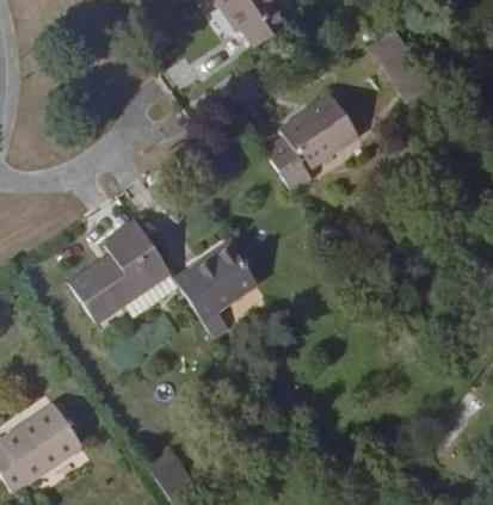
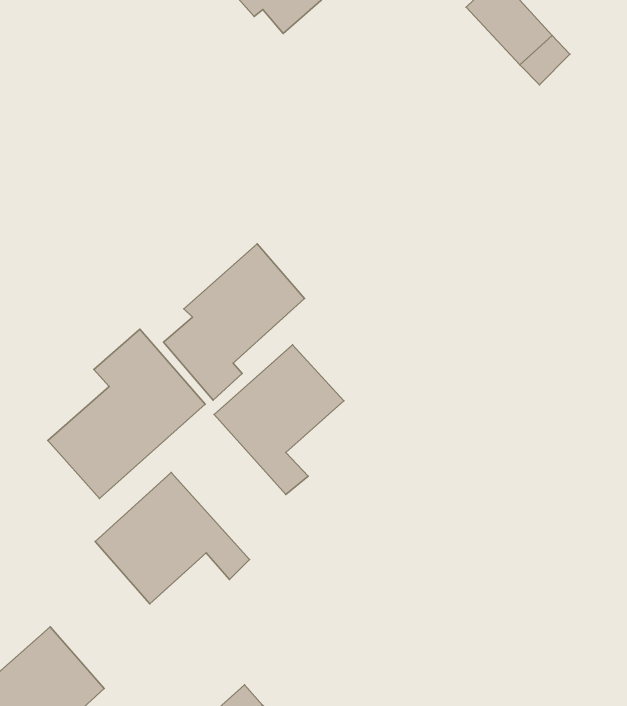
building: [261,97,353,191] -> [164,244,304,400]
building: none -> [95,472,249,604]

